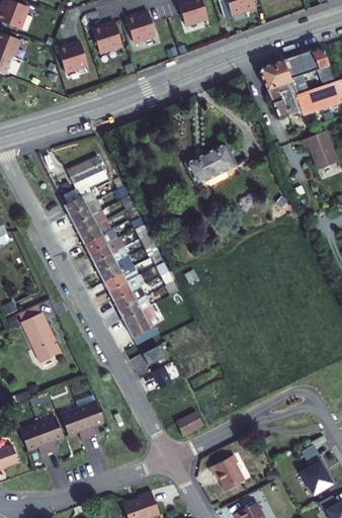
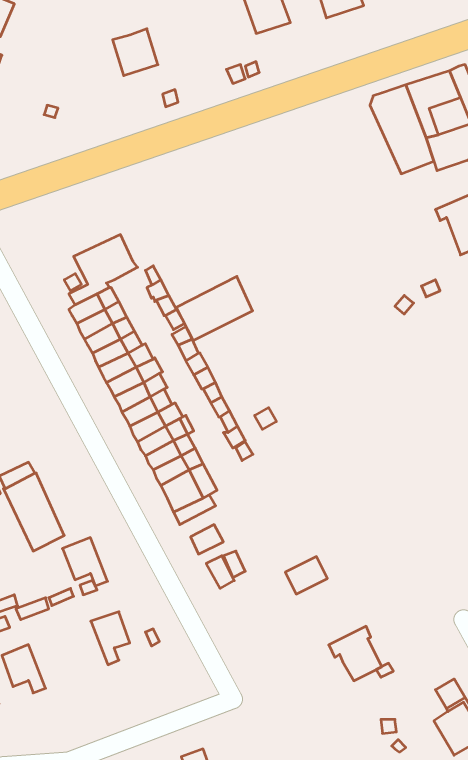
building: [125,12,156,44] -> none
building: [58,42,87,73] -> none
building: [185,143,235,184] -> [176,276,253,340]
building: [60,408,89,439] -> [62,538,108,586]
building: [175,411,202,435] -> [285,557,327,594]
building: [37,417,63,451] -> none
building: [209,454,244,490] -> [329,626,382,681]

